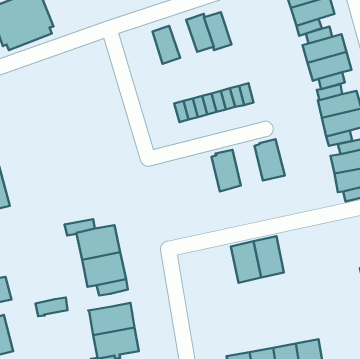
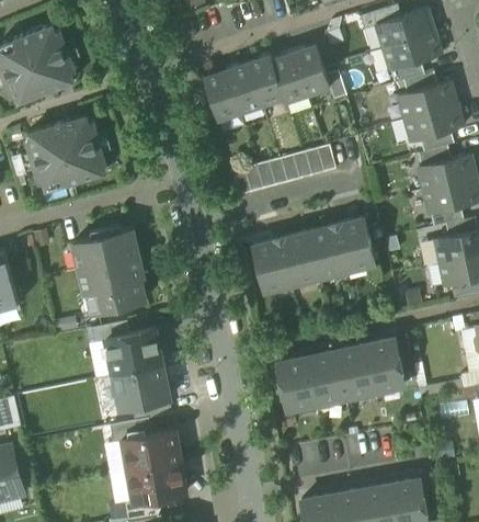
building: none -> [293,46,330,95]
building: none -> [226,64,262,113]
building: none -> [25,116,105,191]
building: none -> [308,227,347,279]
building: none -> [72,230,146,311]
building: none -> [251,241,292,293]
building: none -> [365,339,404,392]
building: none -> [276,358,316,410]
building: [36,298,68,316] -> [110,419,151,443]

